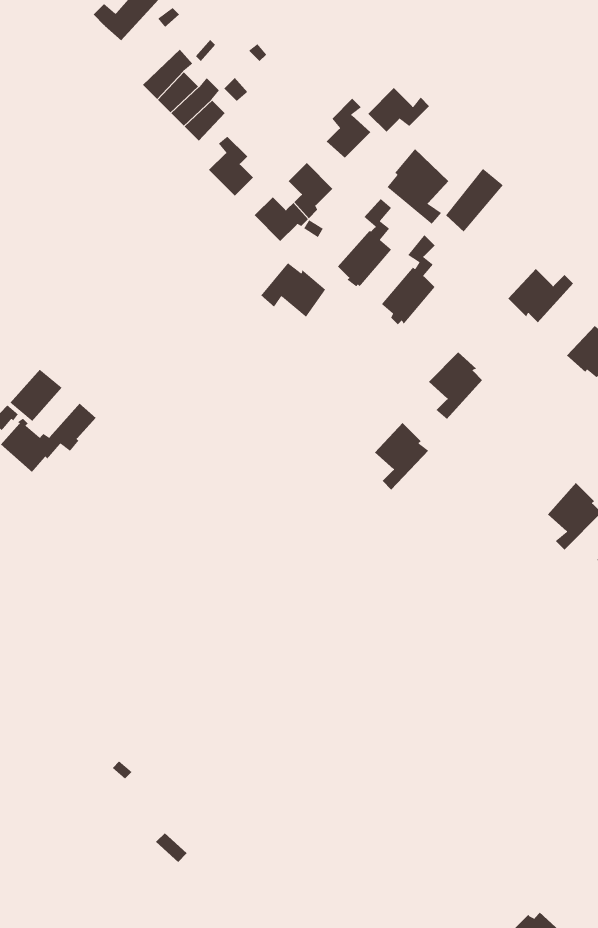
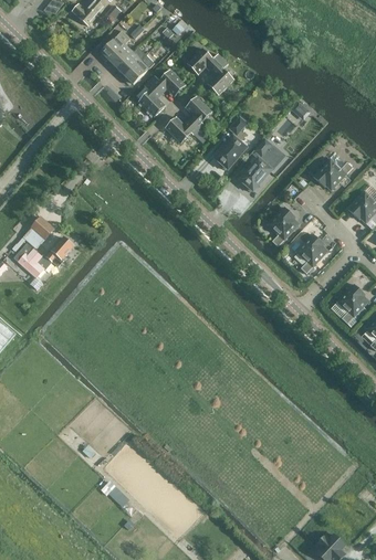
building: [367,87,430,133] -> [186,49,222,75]
building: none -> [149,71,185,97]
building: [386,148,449,225] -> none
building: [260,262,326,318] -> none
building: [374,422,429,490] -> [295,234,327,274]

